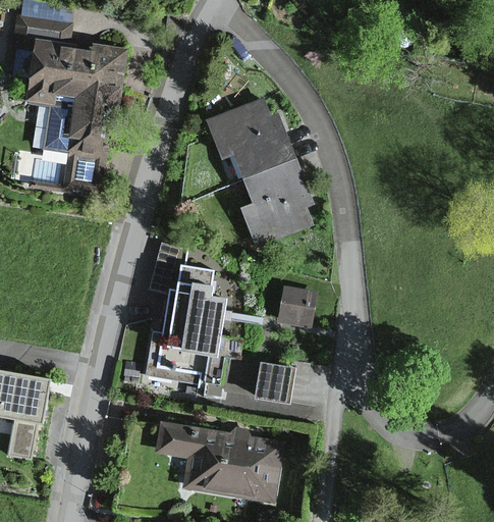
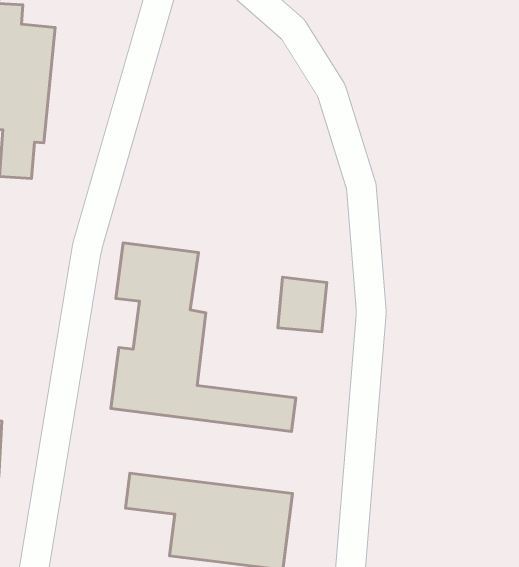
building: [203,97,314,245] -> none

